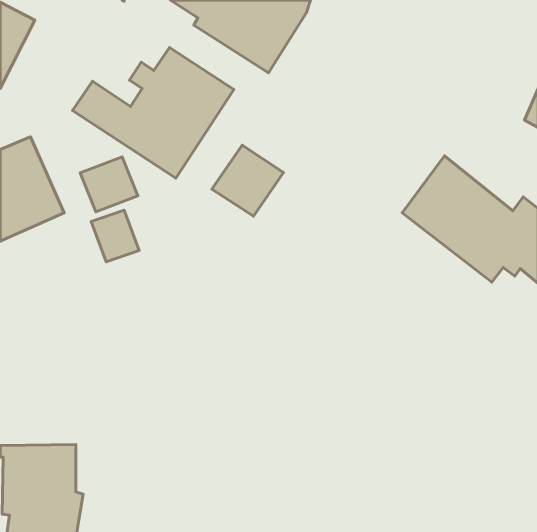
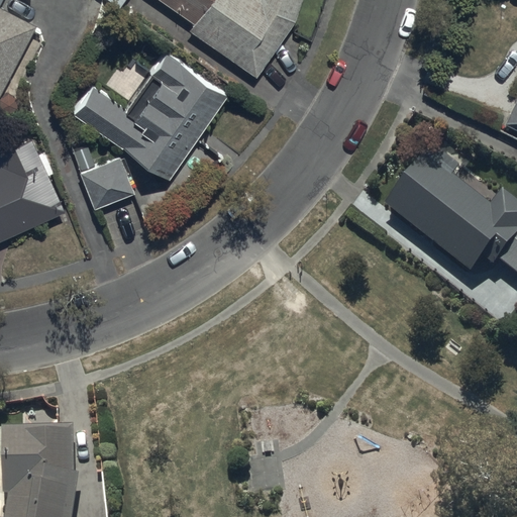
building: [212,145,284,216] -> none
building: [91,210,139,262] -> none

